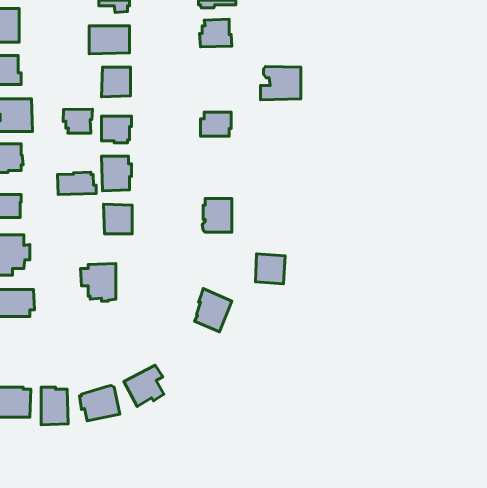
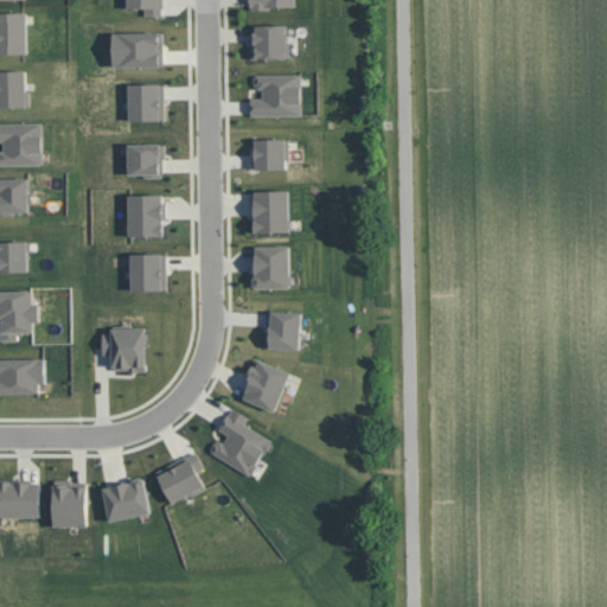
building: [261,66,301,100] -> [248,76,298,117]
building: [63,109,92,133] -> none
building: none -> [249,192,287,234]
building: [58,172,96,195] -> none
building: [256,254,285,284] -> [262,313,299,350]
building: none -> [207,410,270,477]

